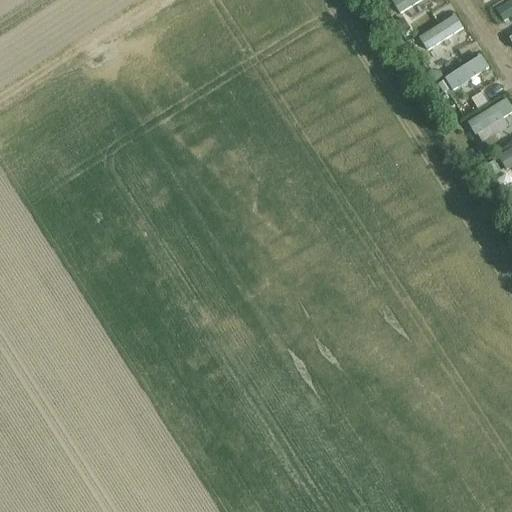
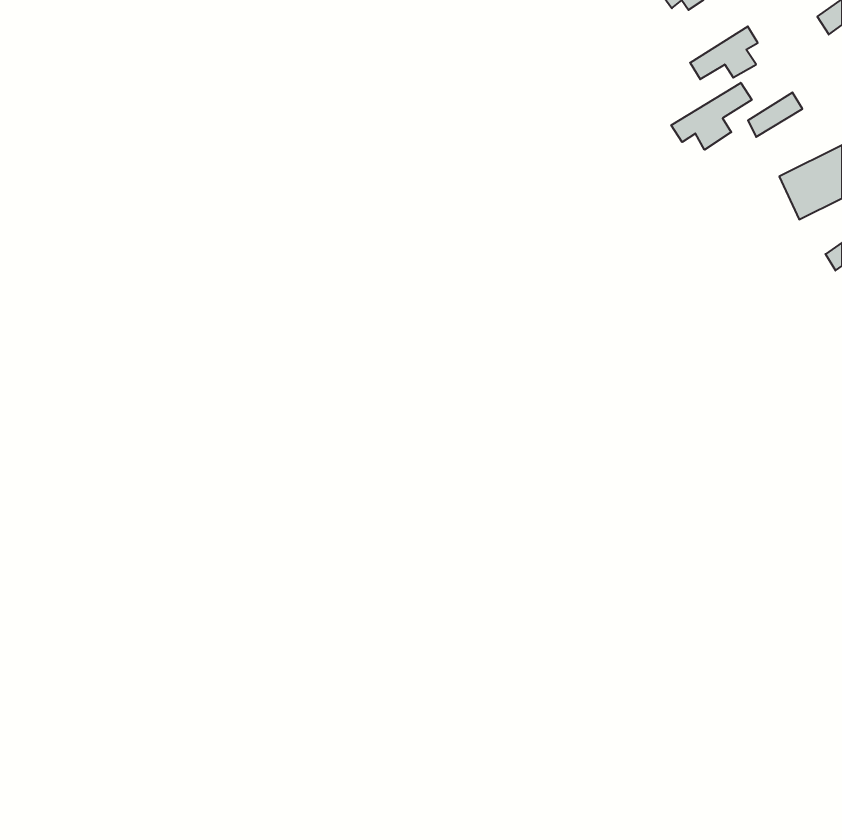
building: none -> [671,83,752,150]

